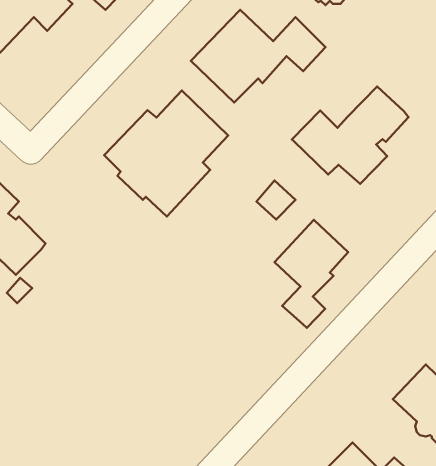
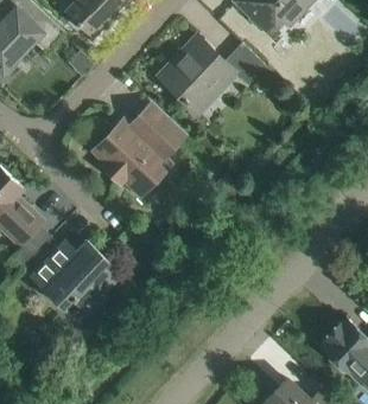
building: [292,86,409,184] -> none
building: [275,220,348,328] -> none
building: none -> [28,241,116,316]

